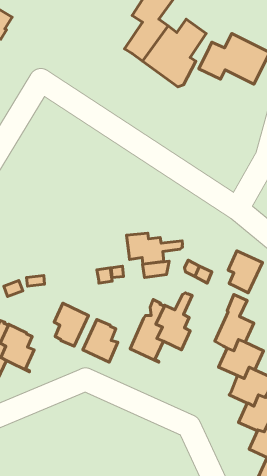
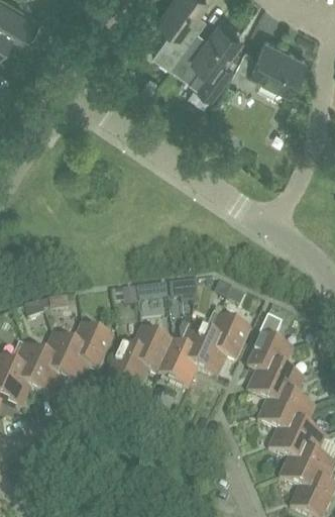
building: [127,233,183,264] -> none
building: [228,251,262,293] -> [215,315,251,359]
building: none -> [137,327,173,372]
building: none -> [48,335,85,382]

